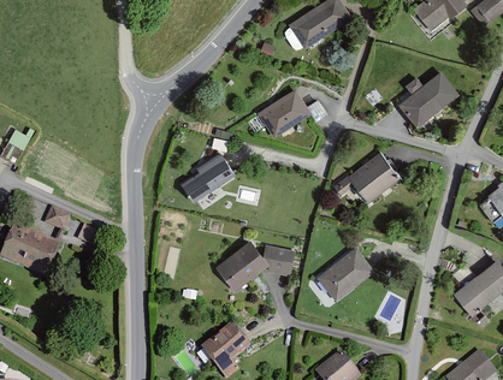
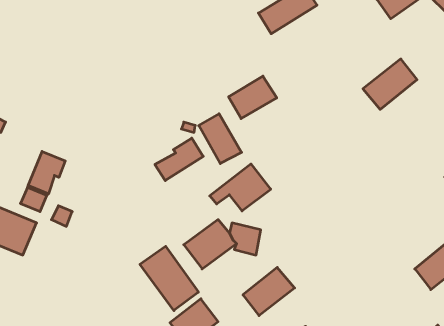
building: none -> [199,114,242,164]
building: [336,150,400,200] -> [210,164,271,211]
building: none -> [28,151,65,194]
building: [321,247,375,297] -> [243,267,295,316]
building: none -> [140,246,198,311]

